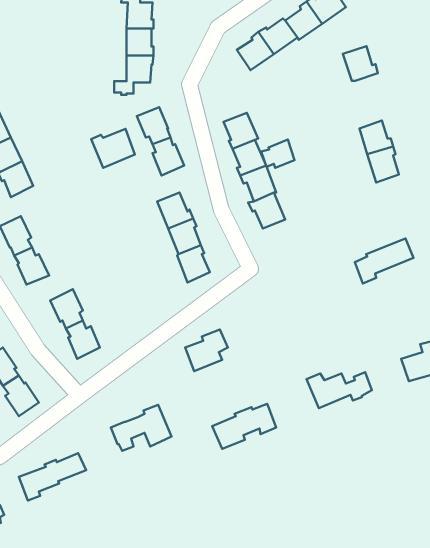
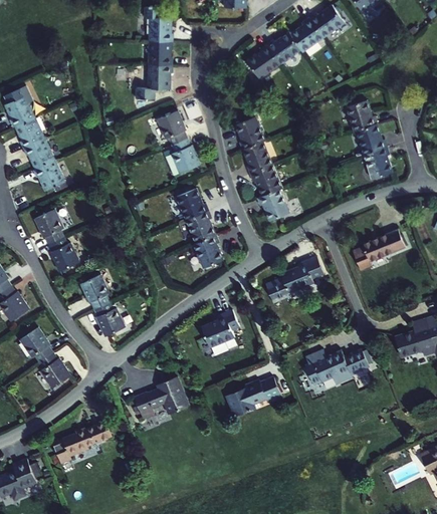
building: [343,46,378,81] -> [346,100,377,132]
building: [91,129,135,168] -> none
building: [261,140,294,168] -> none
building: none -> [265,256,323,302]

